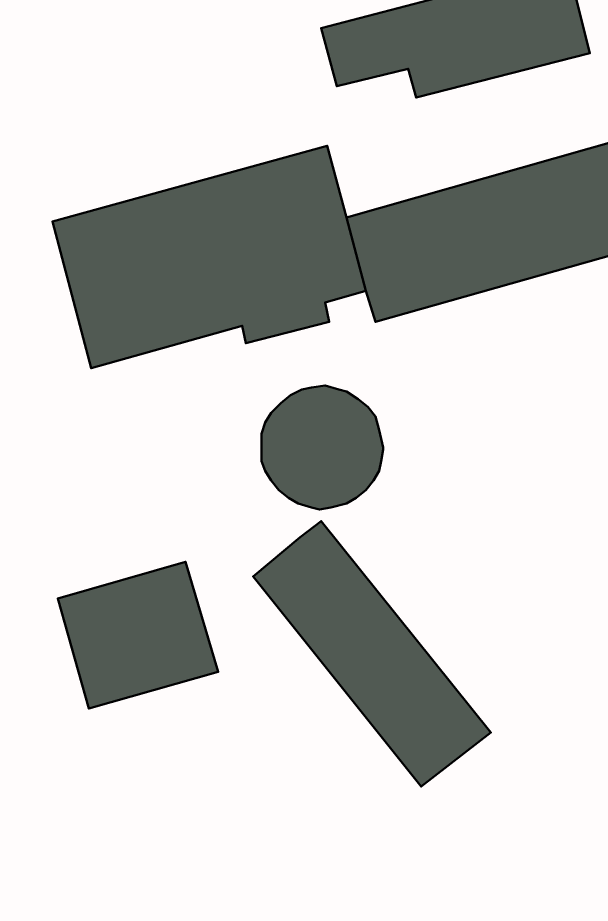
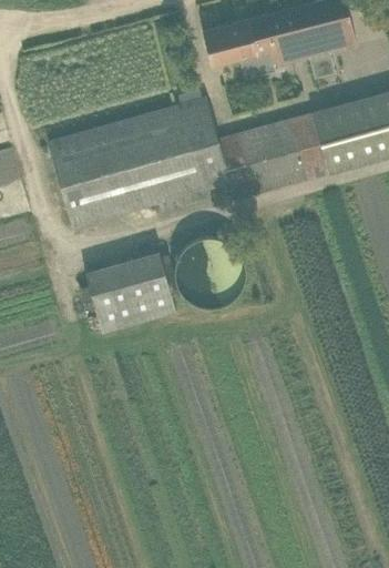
building: [253,521,491,787] -> none
building: [58,562,218,709] -> [84,247,176,332]

